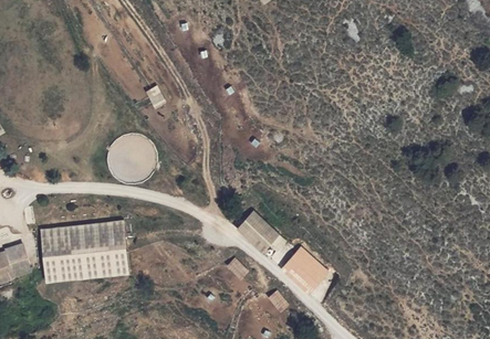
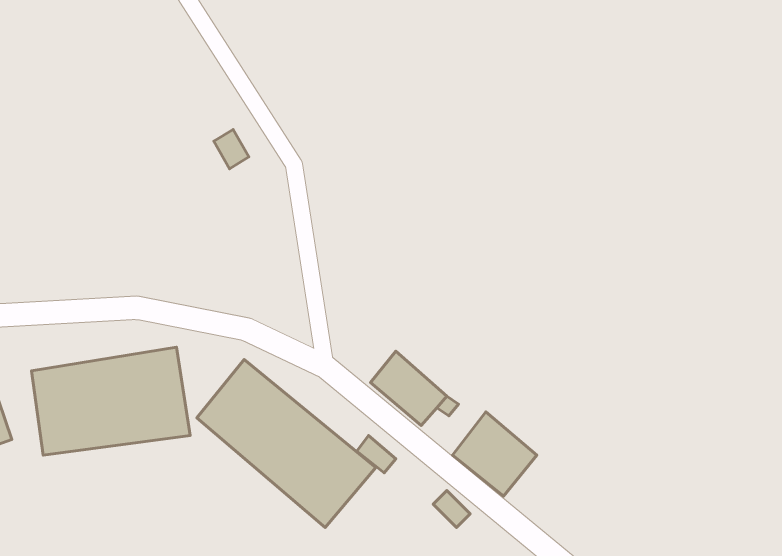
building: none -> [197,359,376,527]

